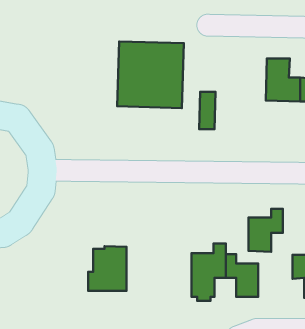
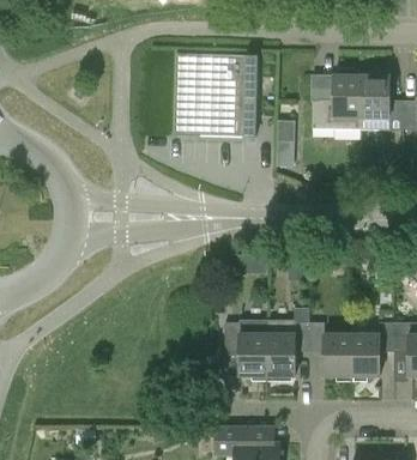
building: none -> [313,74,362,128]
building: [248,209,283,252] -> [351,322,394,376]
building: [88,246,126,291] -> [219,319,267,375]

